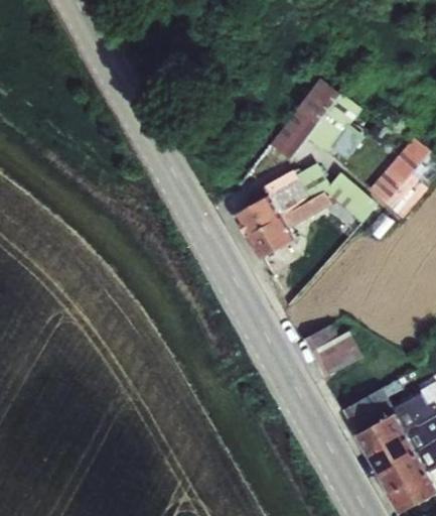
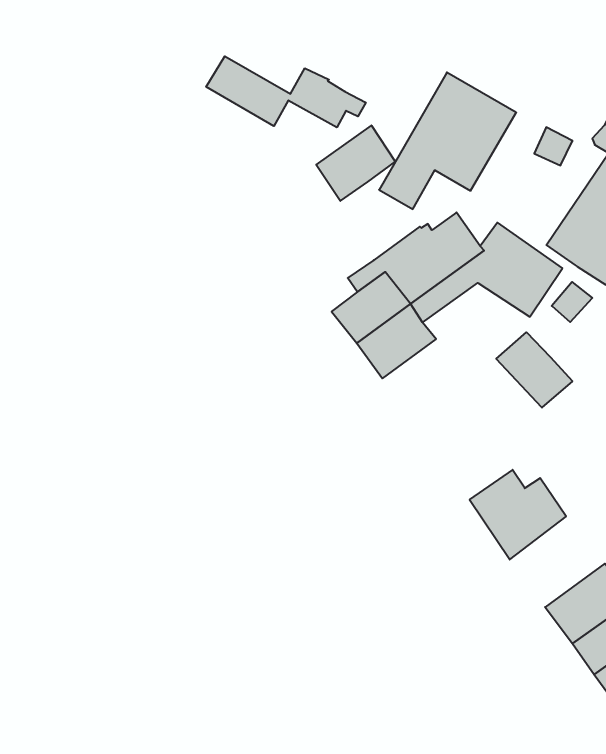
building: none -> [206,56,366,127]
building: none -> [316,125,395,201]
building: none -> [496,332,572,408]

